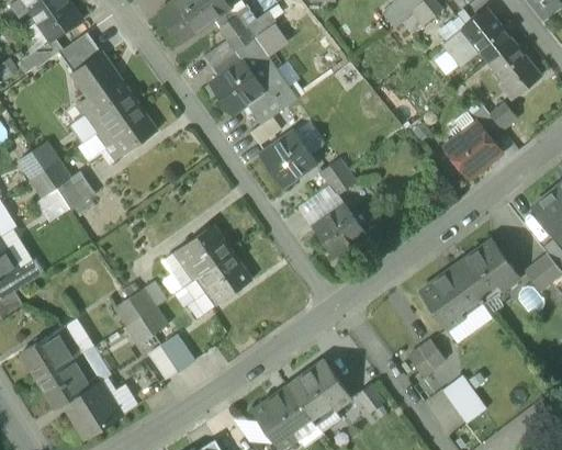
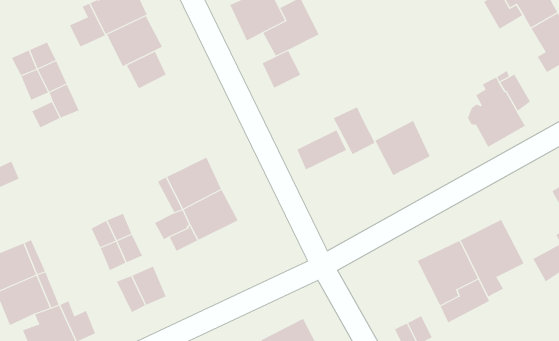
building: [261,132,315,185] -> none
building: none -> [126,51,167,89]
building: [312,203,366,257] -> [374,120,431,176]

